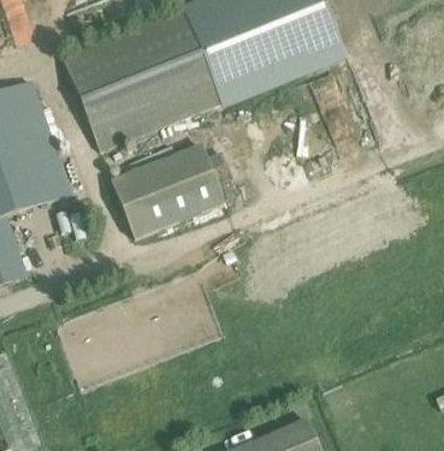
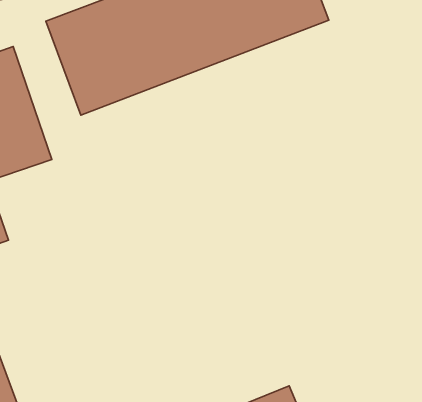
building: [111,147,224,239] -> none

